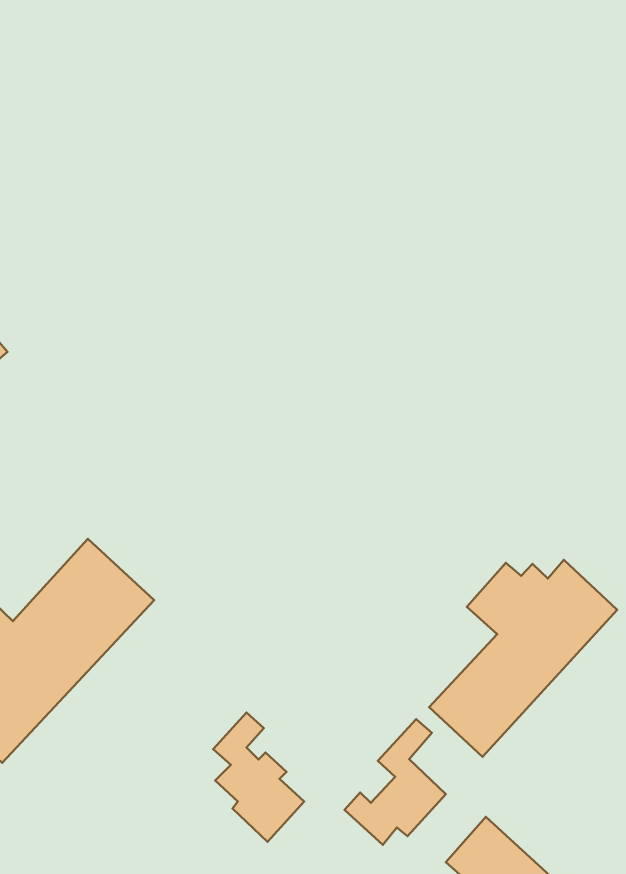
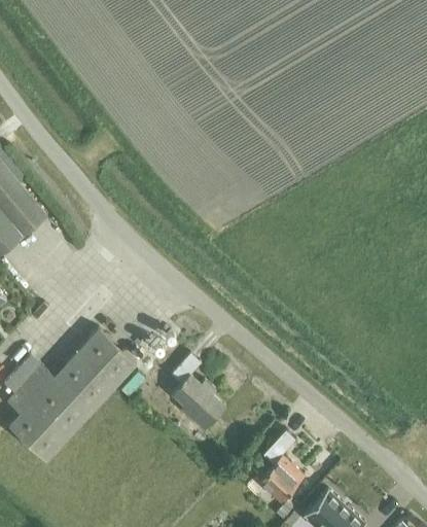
building: [429,560,617,757] -> none
building: [213,712,304,842] -> [173,355,226,431]

